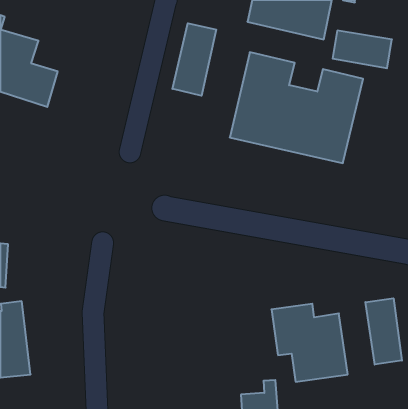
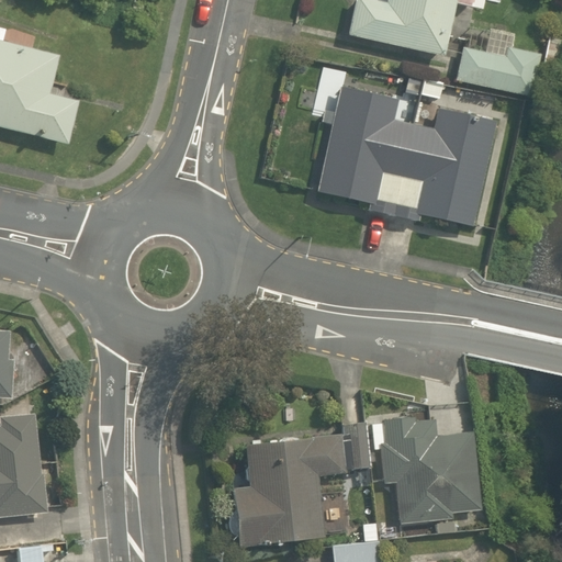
building: [172,23,216,96] -> none
building: [365,298,402,365] -> none
building: none -> [231,425,369,548]

